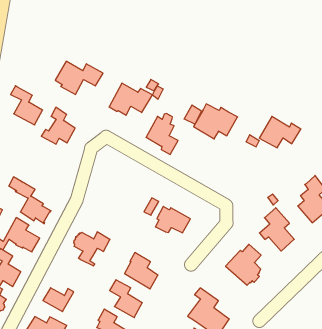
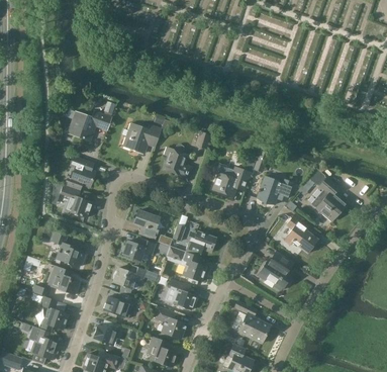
building: [11,86,43,125] -> [60,184,92,217]
building: [194,104,238,139] -> [212,166,252,197]
building: [259,116,301,148] -> [257,176,294,204]
building: none -> [134,210,160,239]
building: none -> [123,239,155,261]
building: none -> [166,246,206,284]
building: none -> [103,293,135,318]

